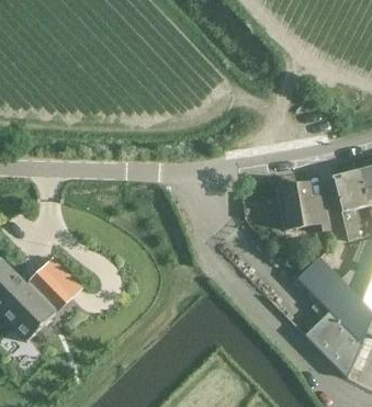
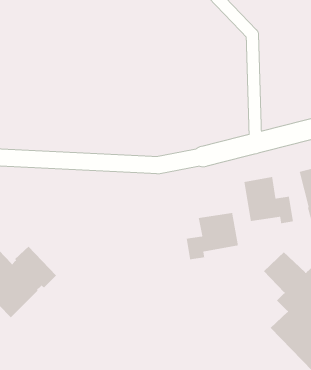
building: none -> [186,212,239,260]

